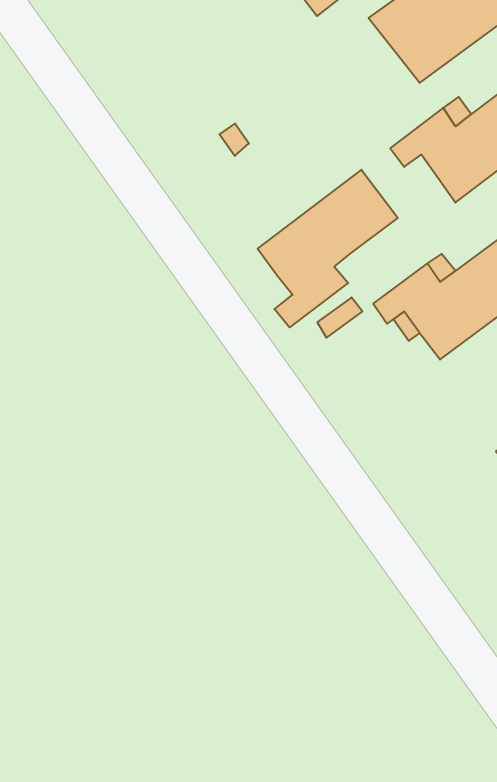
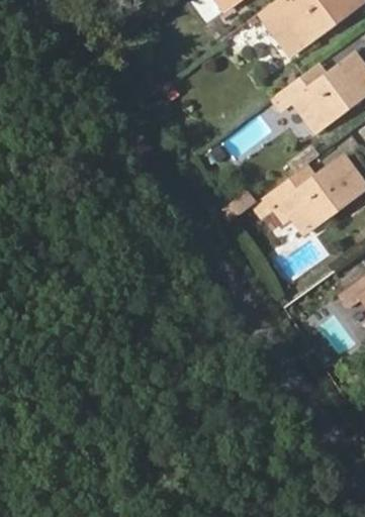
building: [258,170,398,327] -> none

